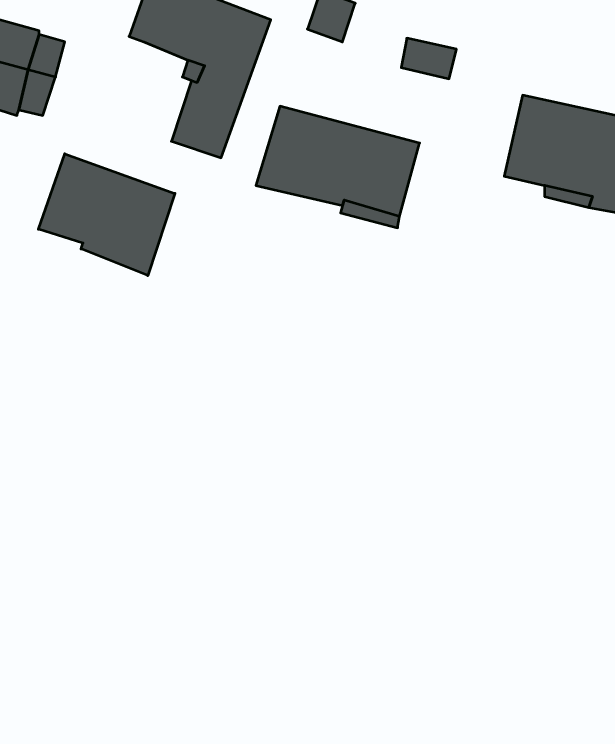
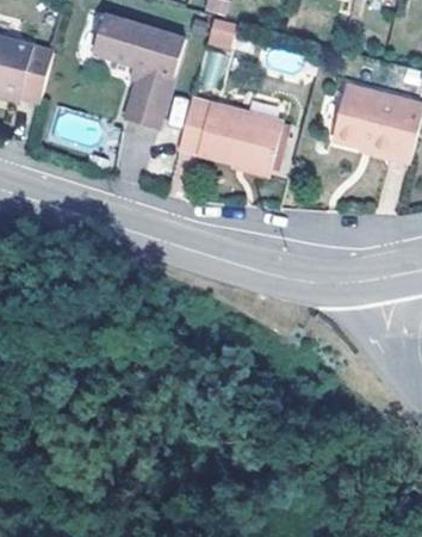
building: [38,154,175,276] -> none

